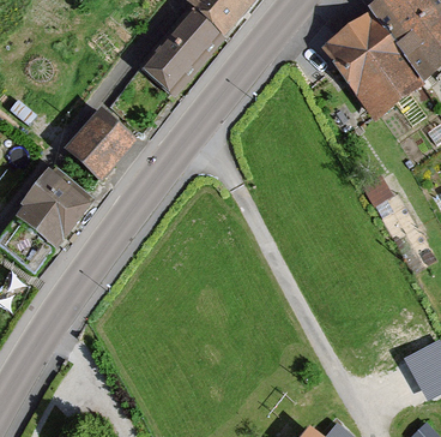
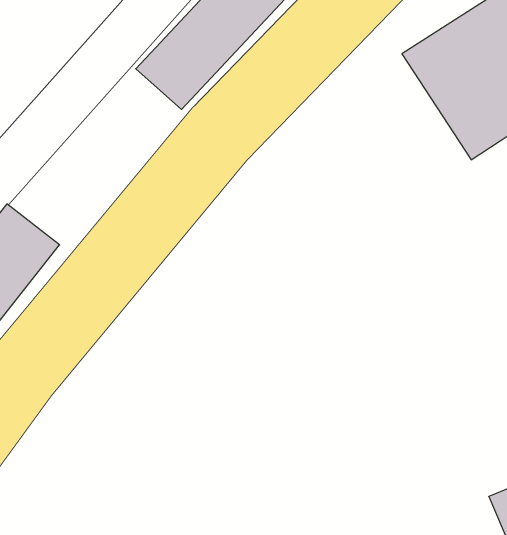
building: [70,108,135,176] -> none

